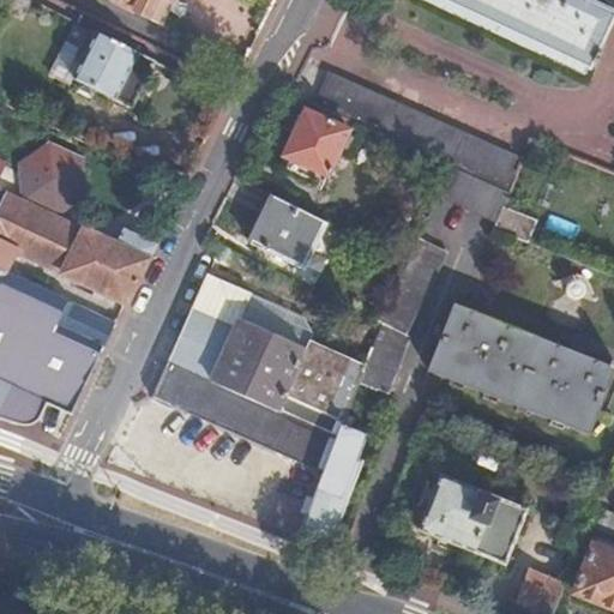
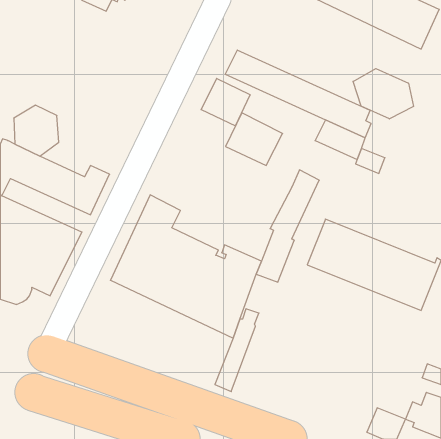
building: [73,26,154,107] -> none
building: none -> [353,69,414,119]
building: [243,191,323,264] -> [226,113,283,165]
building: [239,293,314,360] -> none
building: [419,477,523,562] -> none

